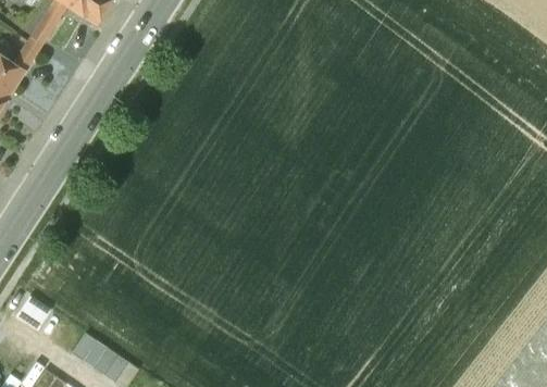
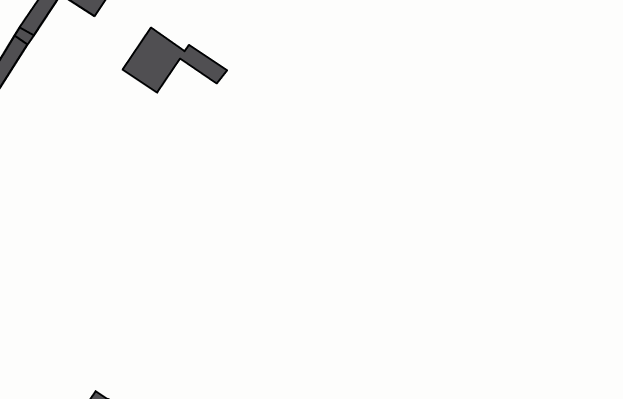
building: none -> [123,28,227,93]

